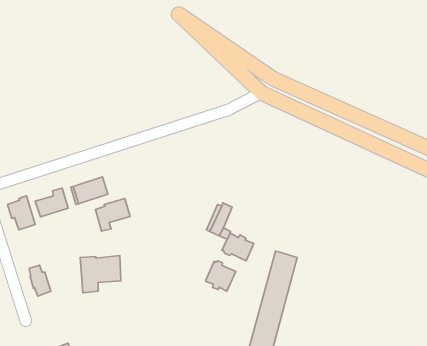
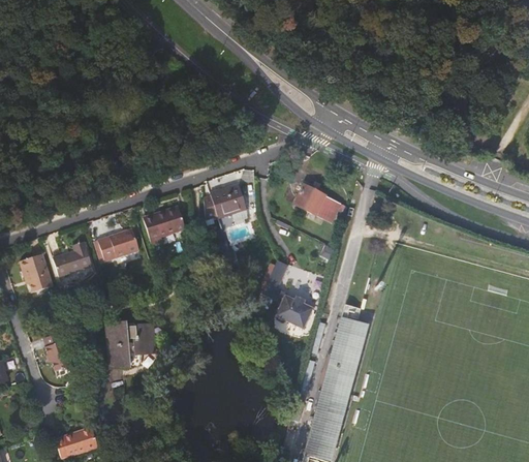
building: none -> [204,185,246,219]
building: none -> [294,185,341,222]
building: [95,198,130,231] -> [144,207,185,246]
building: [206,261,236,291] -> none

